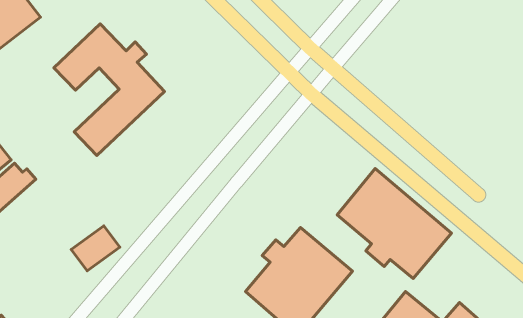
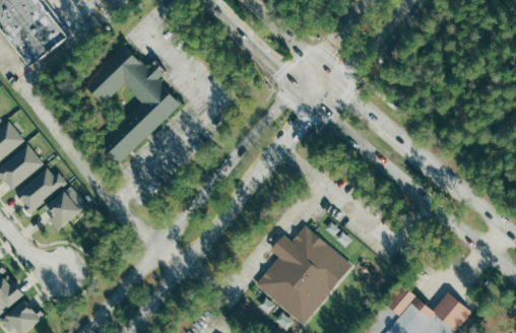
building: [337,168,452,278] -> none
building: [71,226,120,271] -> [43,188,86,228]

